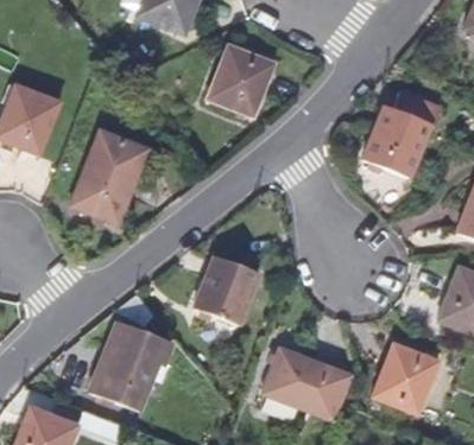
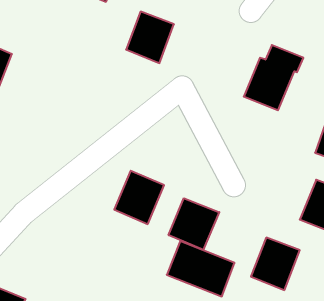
building: [71,128,147,222] -> none
building: none -> [169,198,219,250]
building: [90,320,171,413] -> none

